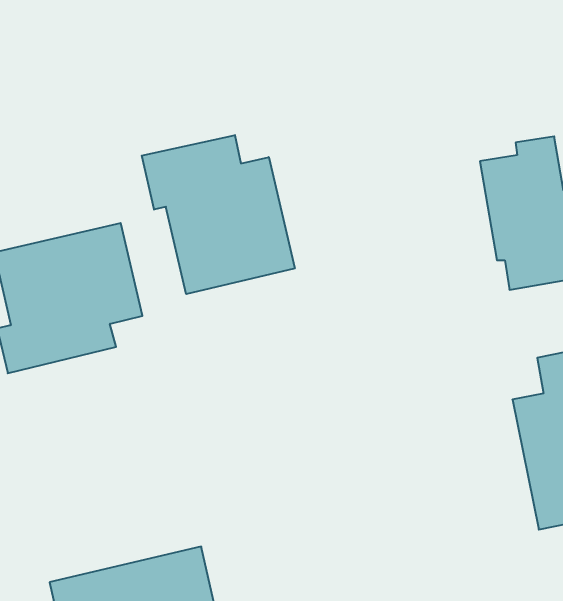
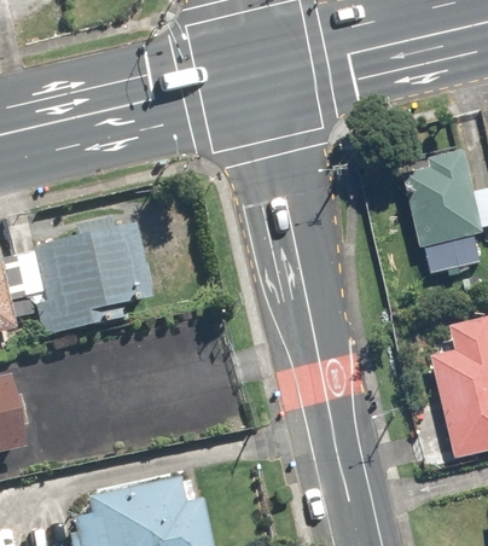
building: [142,135,295,294] -> none

